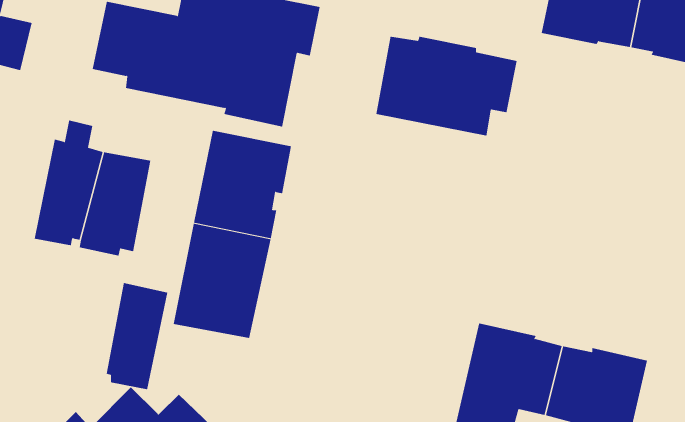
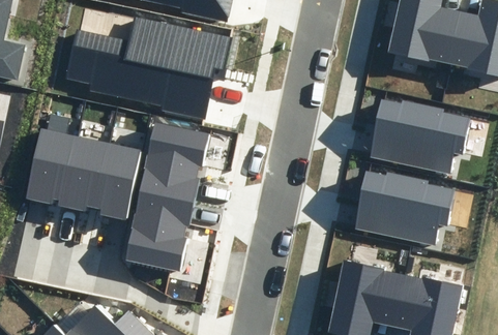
building: [376,36,517,136] -> [370,101,471,173]
building: none -> [354,172,457,244]
building: [106,283,168,390] -> [96,144,141,220]

